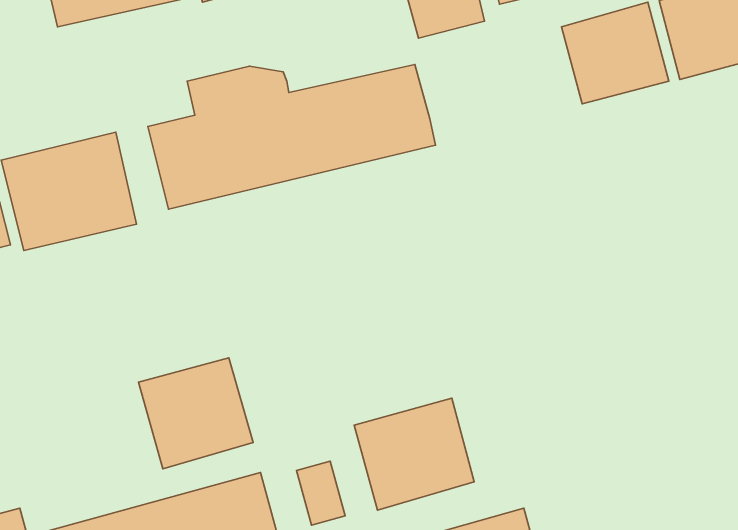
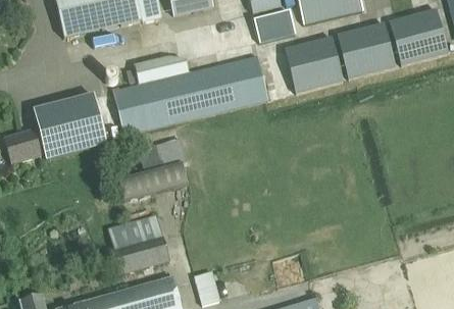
building: none -> [285,36,343,91]
building: none -> [118,138,188,200]
building: [354,398,474,510] -> none

